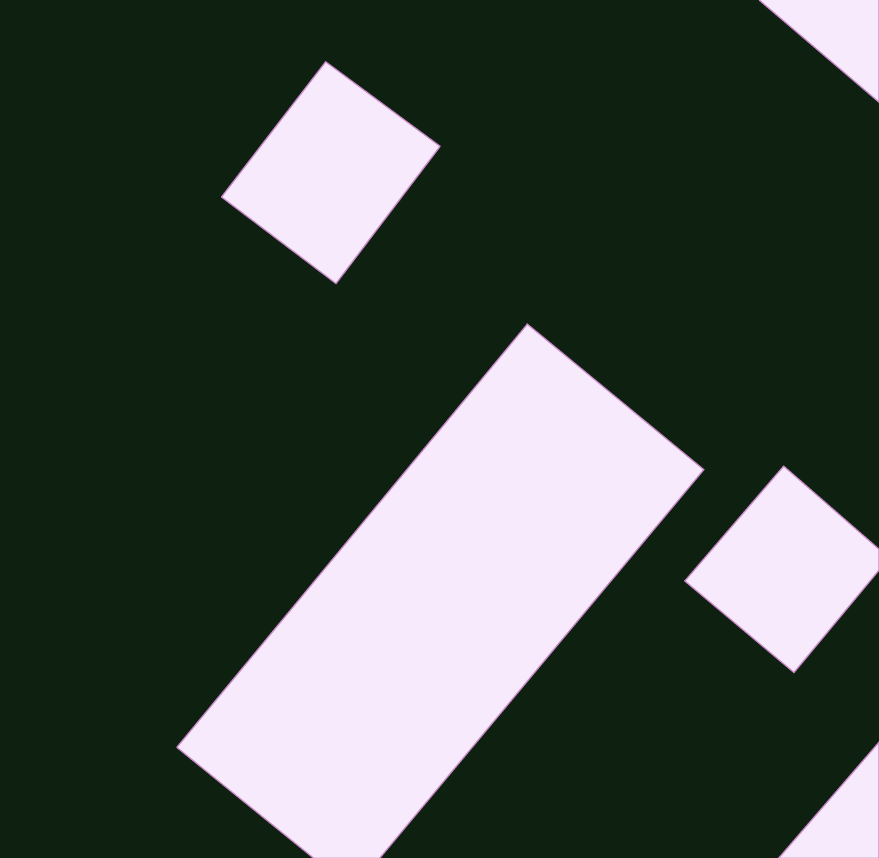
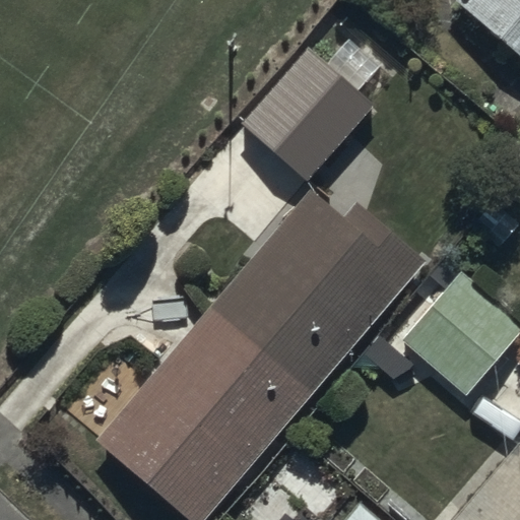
building: [222,62,440,284] -> [245,48,373,178]

